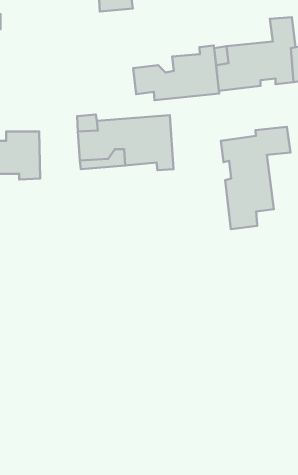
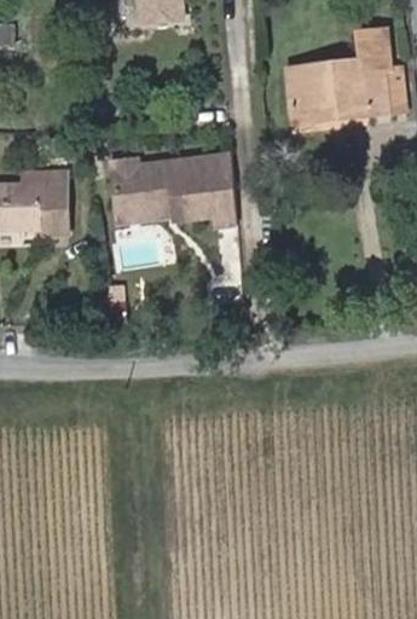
building: [133,45,219,100] -> none
building: [221,127,290,229] -> none

